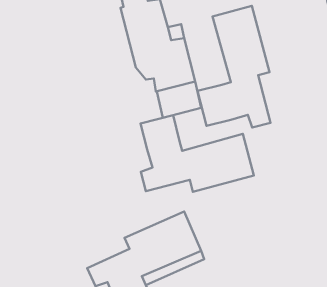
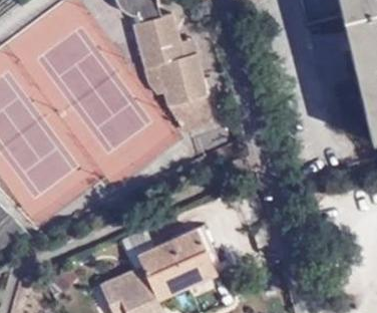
building: [197,6,270,128] -> none
building: [141,115,254,192] -> none

